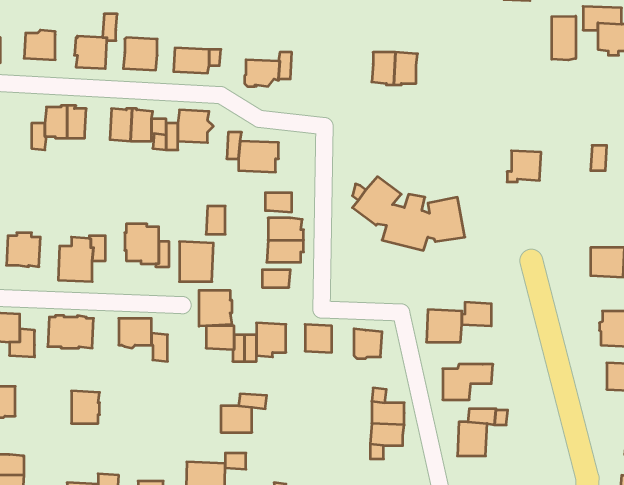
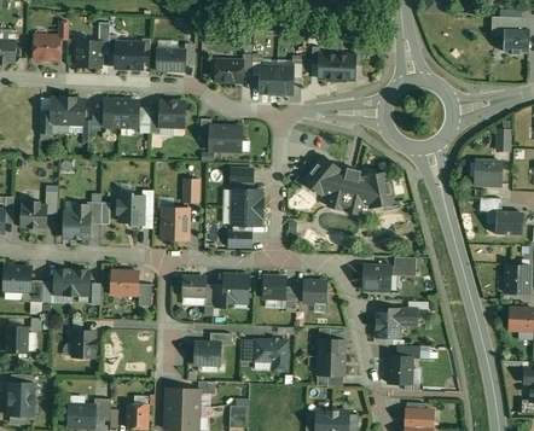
building: [552,16,576,60] -> none
building: none -> [259,66,294,94]
building: [507,151,541,182] -> [474,159,501,185]
building: [199,290,232,326] -> none
building: none -> [243,339,286,369]

